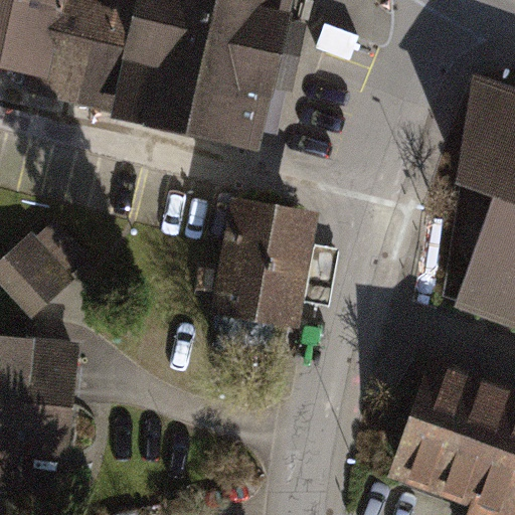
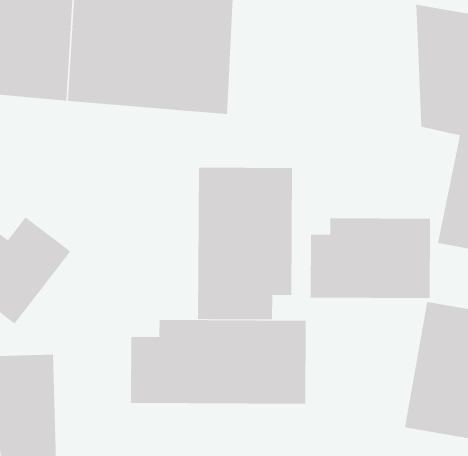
building: none -> [310,217,431,299]
building: none -> [130,319,306,404]

